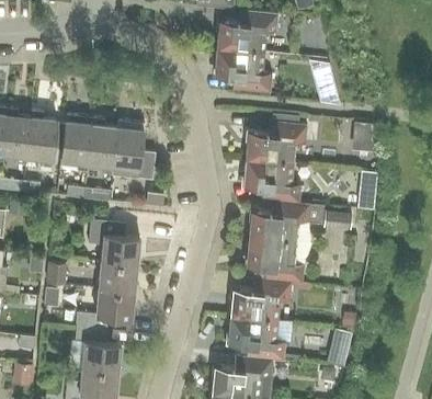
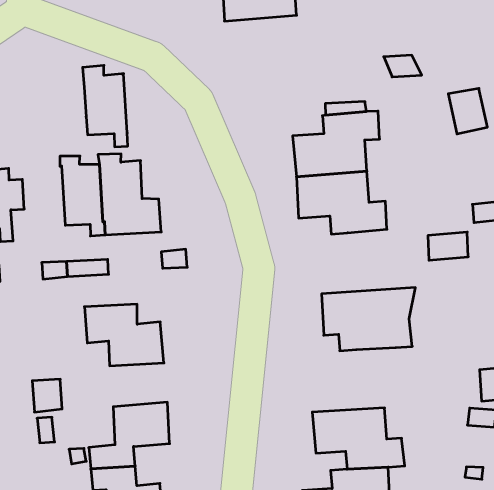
building: [214,47,272,92] -> none
building: [61,115,92,172] -> [83,65,128,147]
building: [249,201,323,244] -> none
building: [99,261,137,292] -> none
building: [229,277,292,320] -> none

